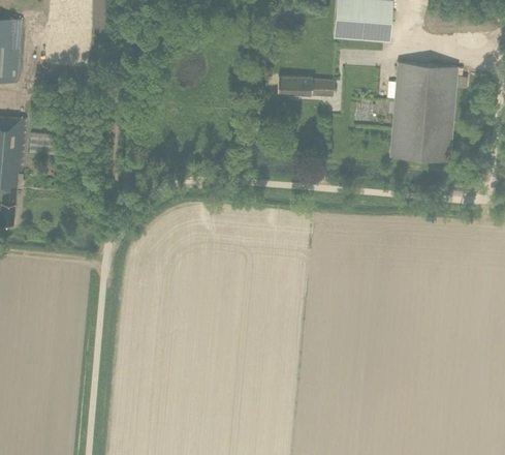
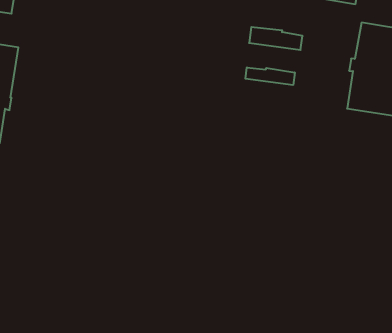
building: none -> [245,67,295,85]

